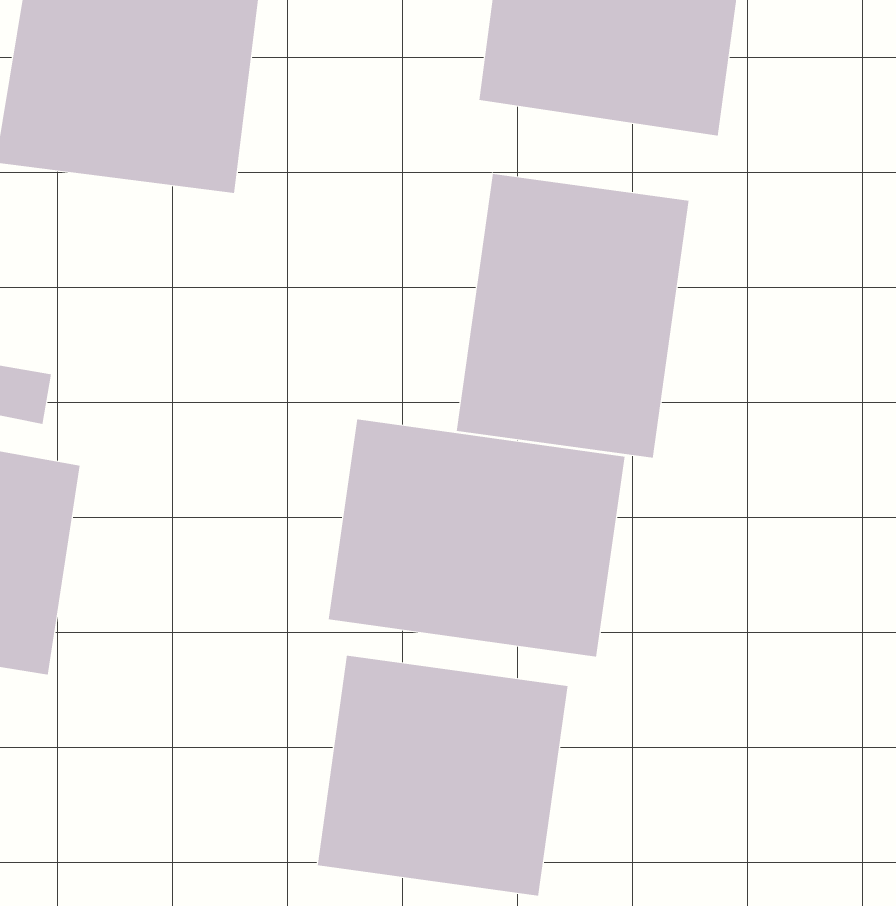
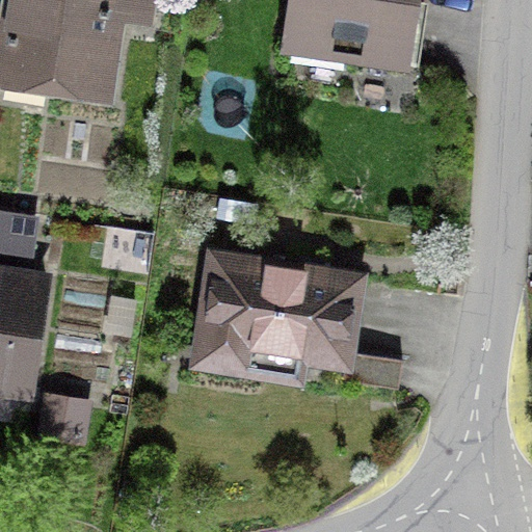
building: [456,173,689,458] -> none
building: [317,655,568,896] -> none

